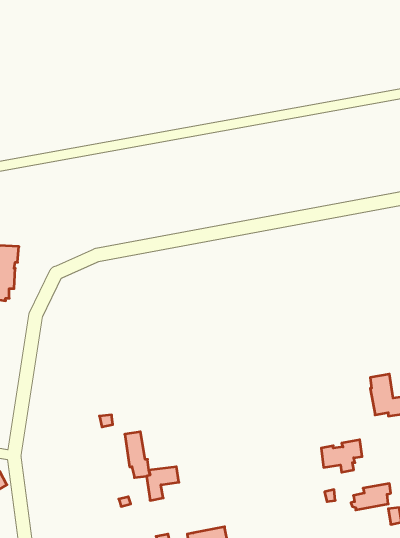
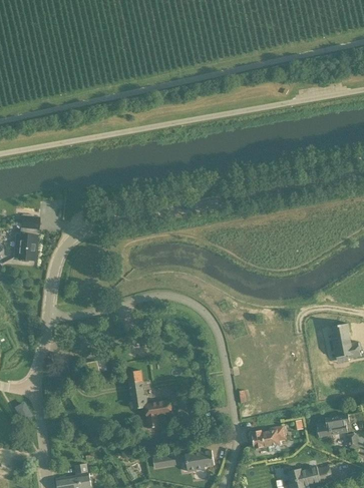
building: [321,440,362,472] -> [252,425,286,452]

